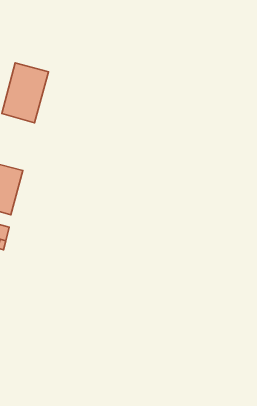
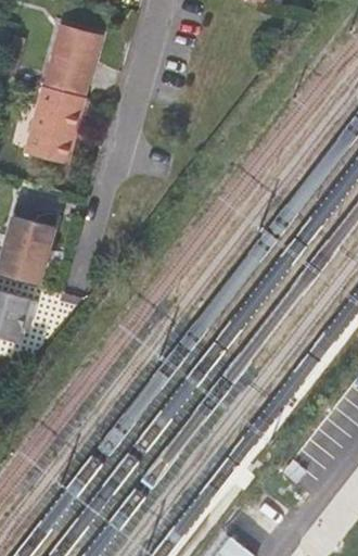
building: none -> [46,26,100,97]

